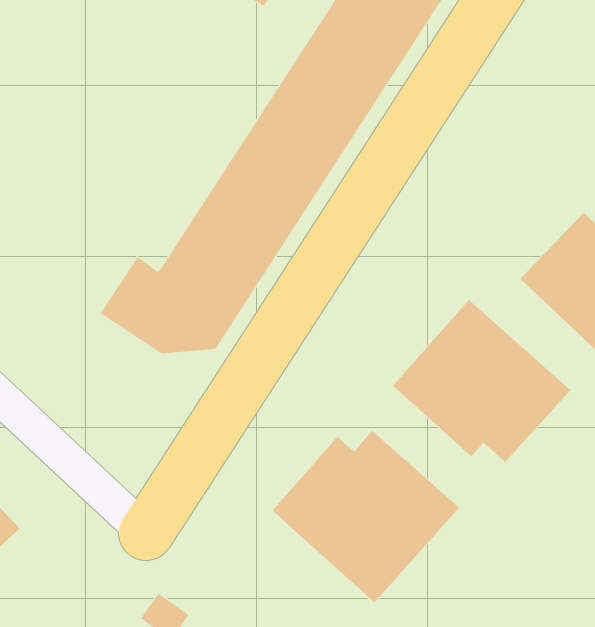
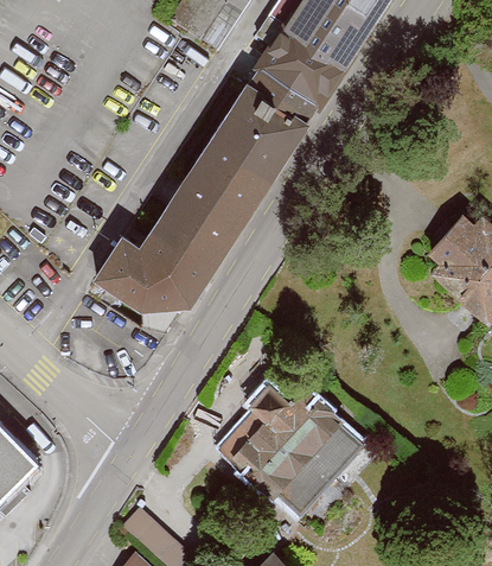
building: [392,299,571,463] -> none

